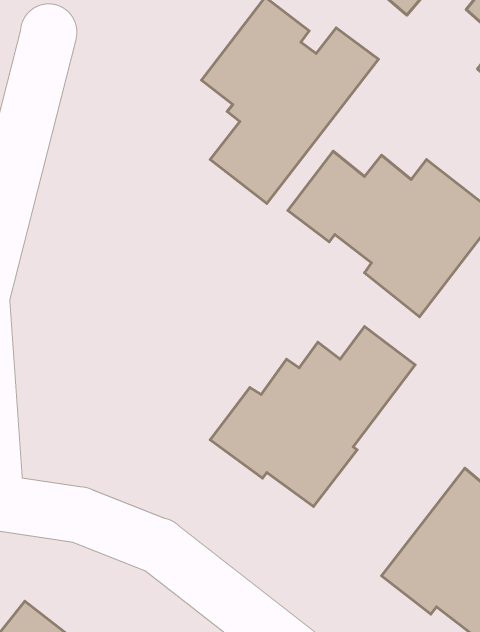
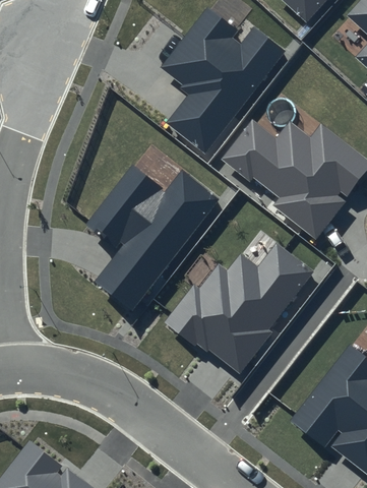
building: none -> [88,164,222,311]

